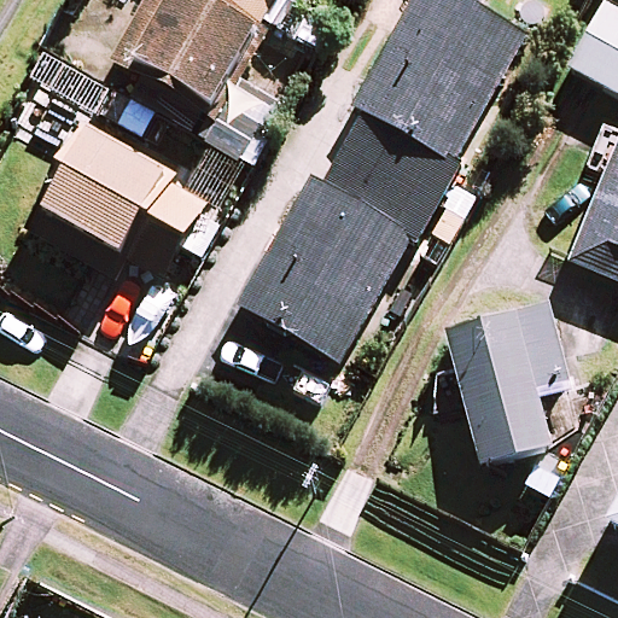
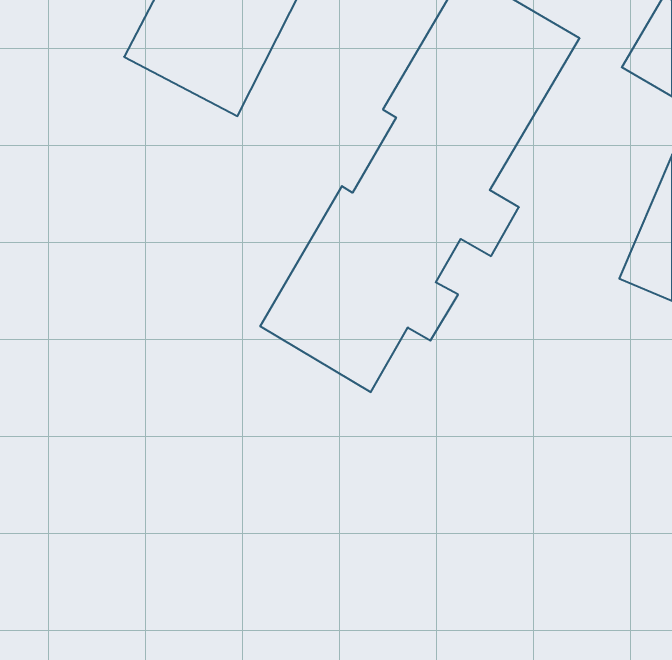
building: [41,127,225,273] -> none
building: [444,301,567,460] -> none

